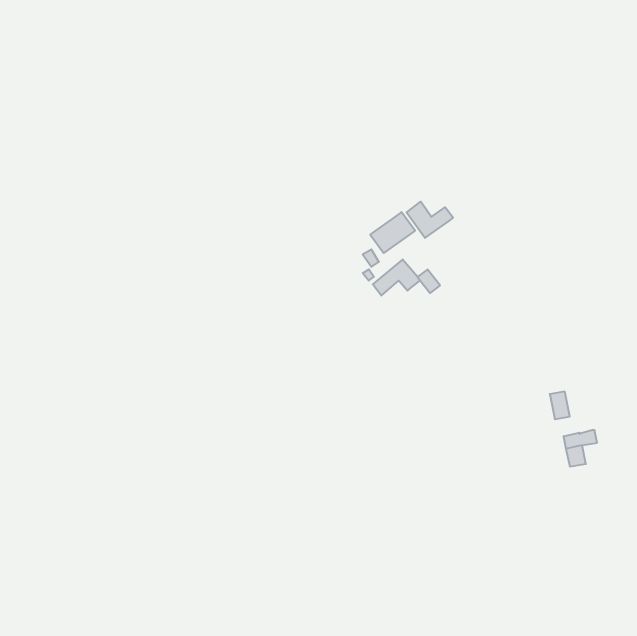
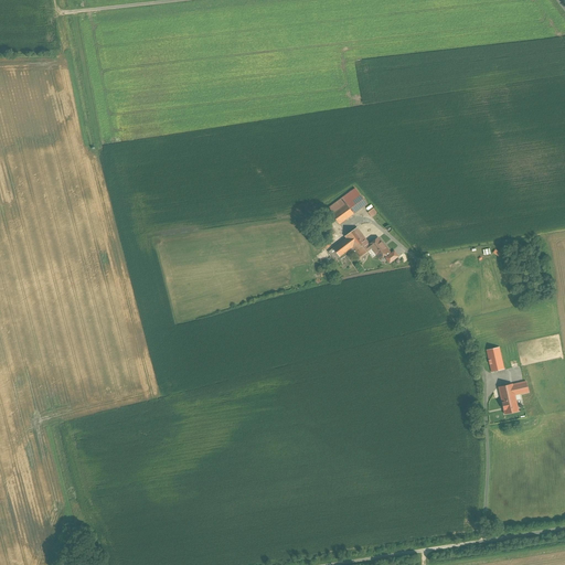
building: [407,202,453,238] -> none

